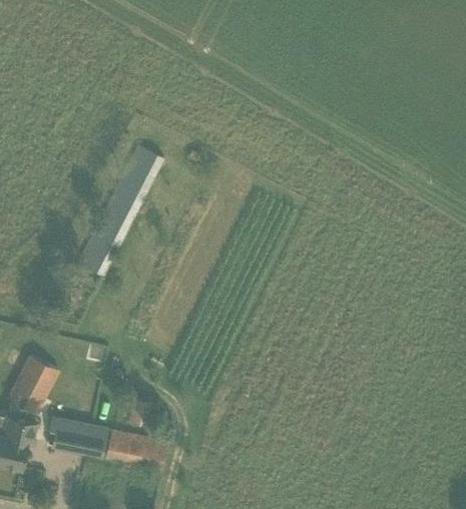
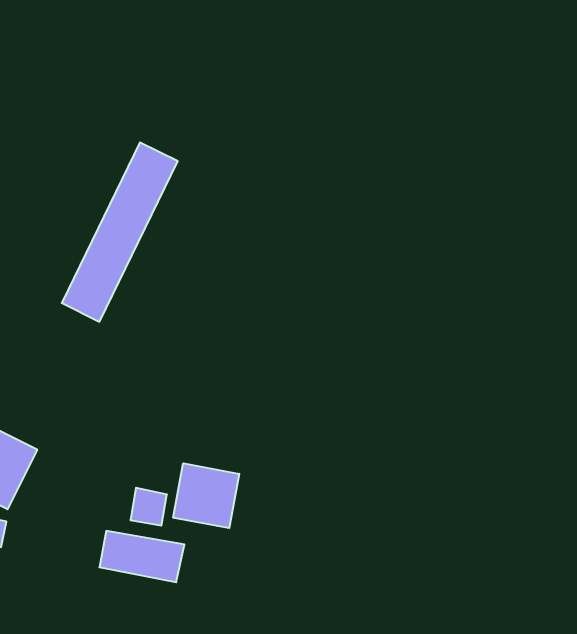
building: none -> [173,463,239,528]
building: [49,417,105,454] -> none

